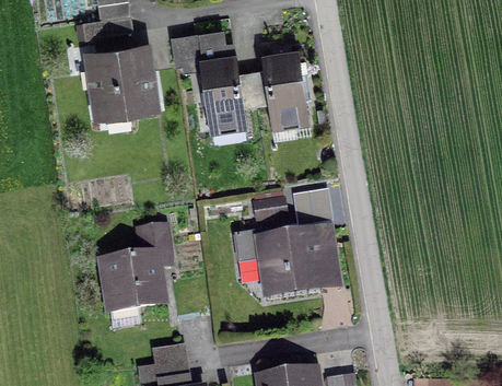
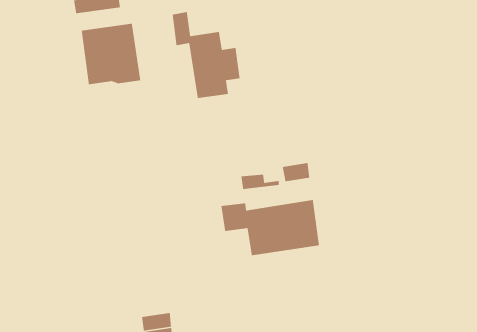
building: [252,51,306,121] -> none
building: [102,226,172,312] -> none

